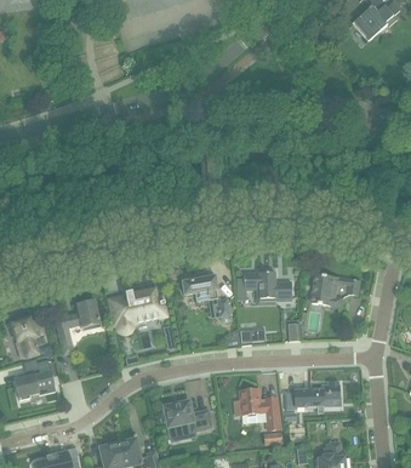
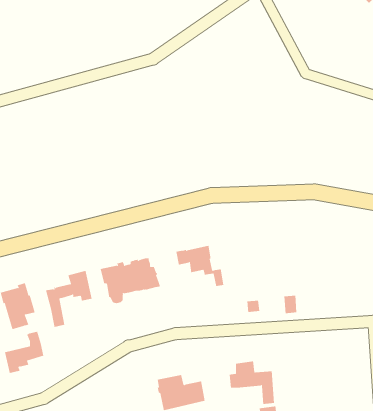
building: [312,269,360,306] -> none
building: [244,270,291,299] -> none
building: [285,379,339,409] -> none

